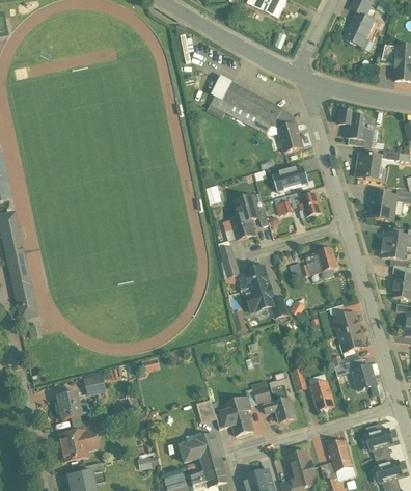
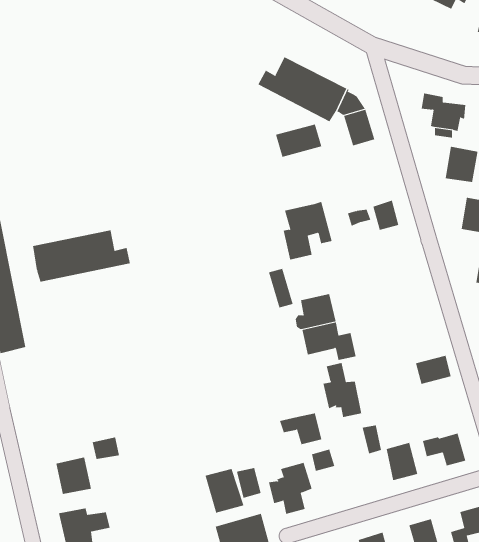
building: [269,163,305,189] -> [275,124,322,157]
building: none -> [32,230,131,283]
building: [299,247,336,275] -> none
building: none -> [323,362,362,418]
building: [337,329,365,351] -> none
building: [262,397,295,421] -> [279,413,322,445]
building: none -> [205,468,244,514]

